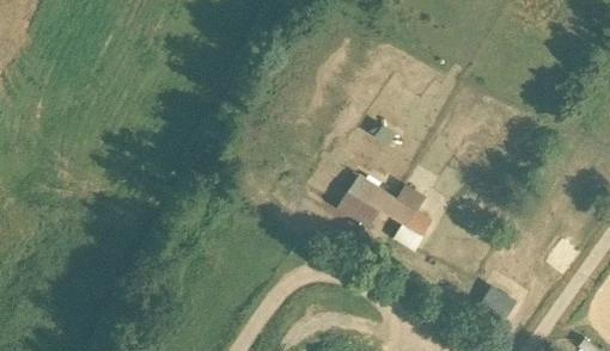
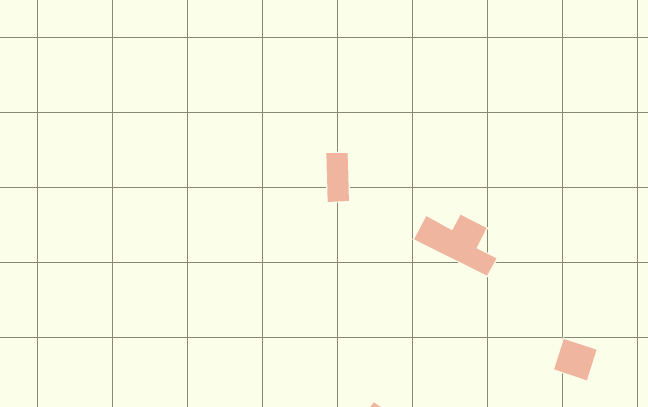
building: [344,178,365,220] -> [326,152,350,203]

